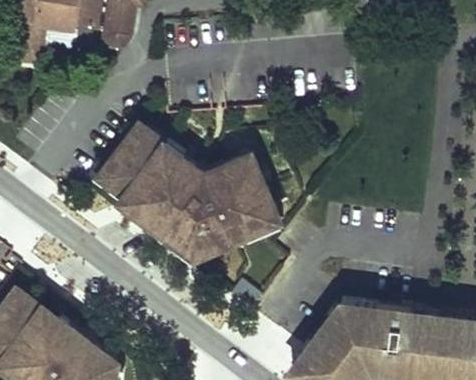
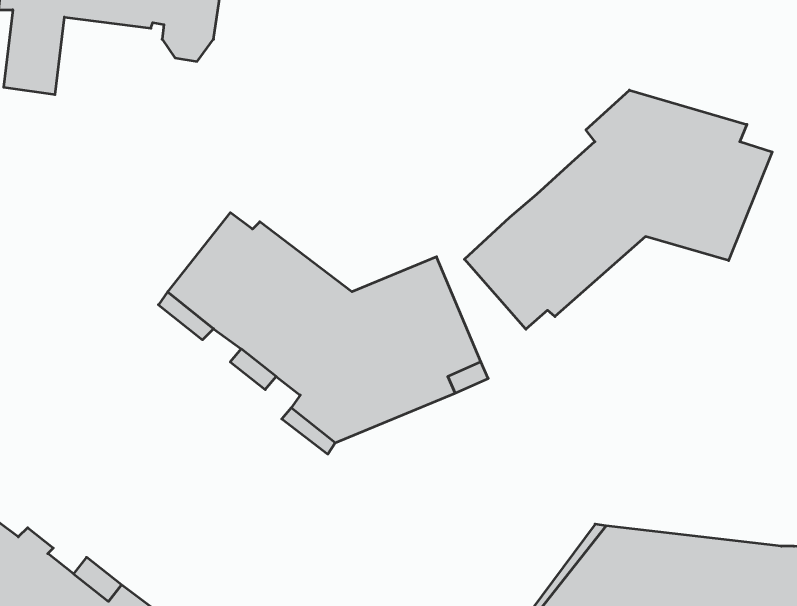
building: none -> [464,90,772,329]

